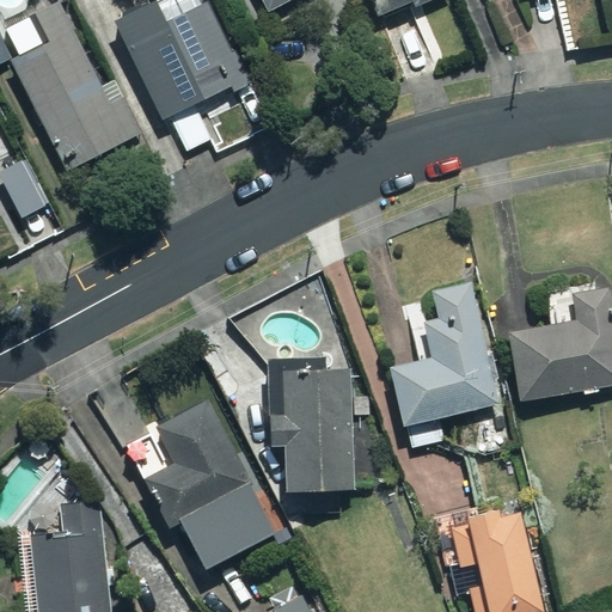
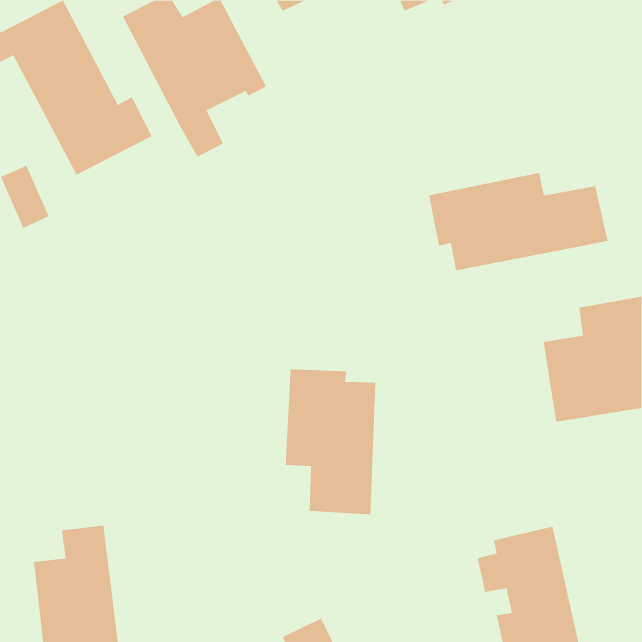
building: none -> [428,172,608,271]
building: [391,284,496,451] -> none
building: [118,400,275,570] -> none

